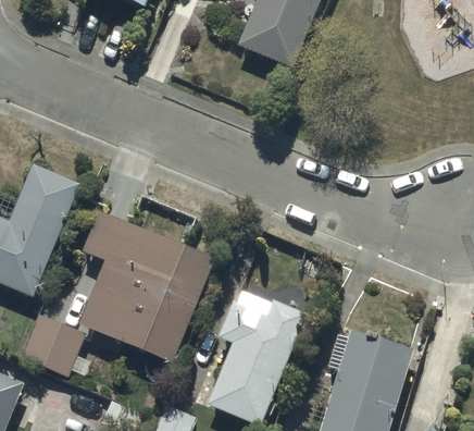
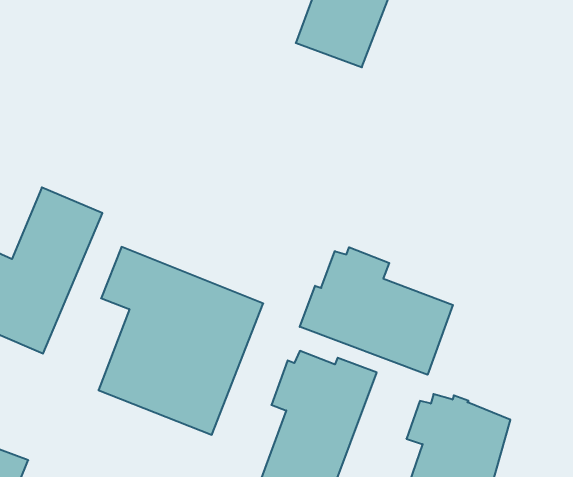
building: none -> [300,247,453,375]
building: [24,316,89,377] -> none

